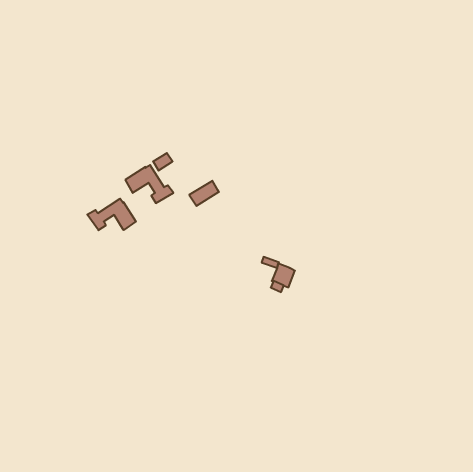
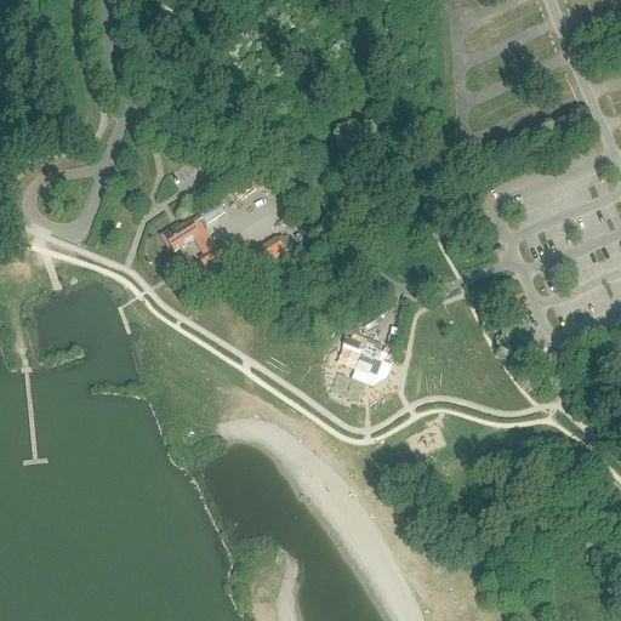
building: [87,199,136,230] -> none

